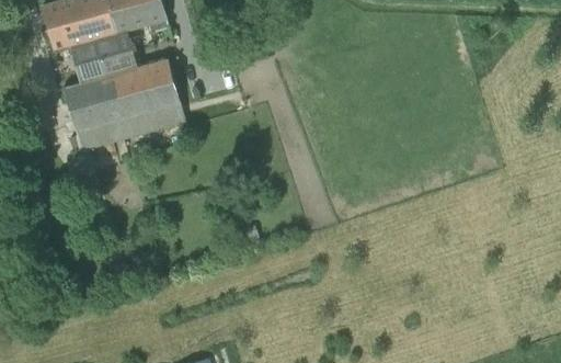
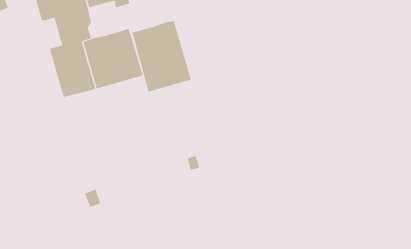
building: none -> [132,20,191,92]

